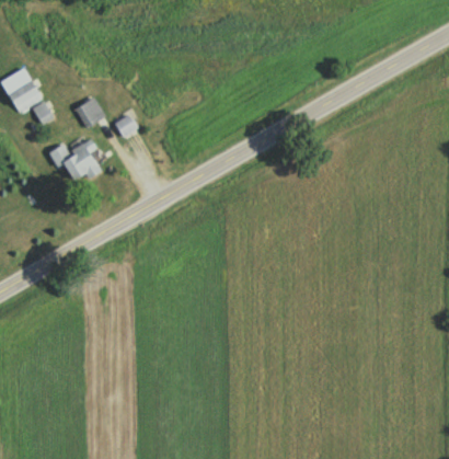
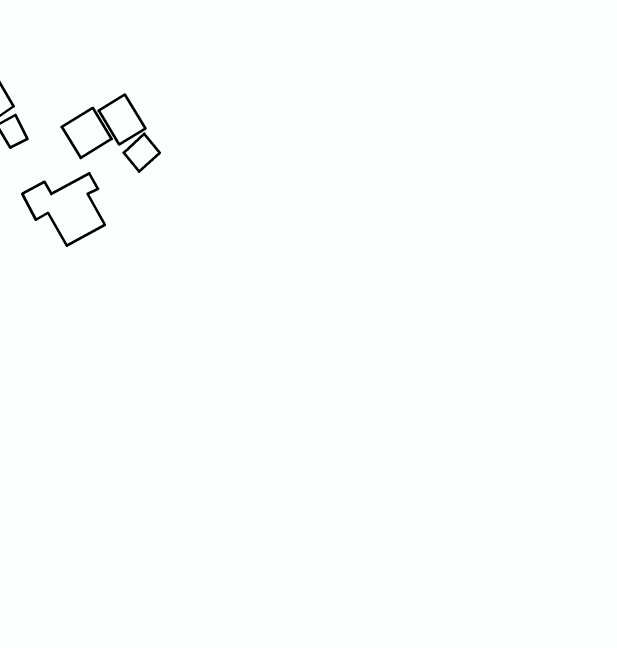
building: none -> [99,95,145,144]

